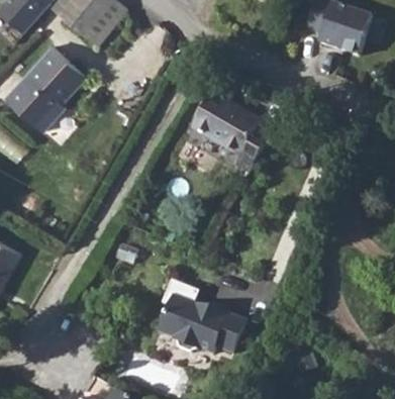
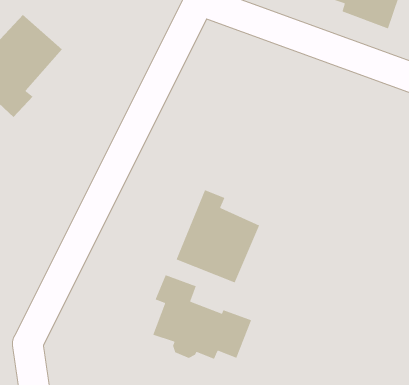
building: [194,87,273,166] -> none
building: none -> [176,189,260,283]

